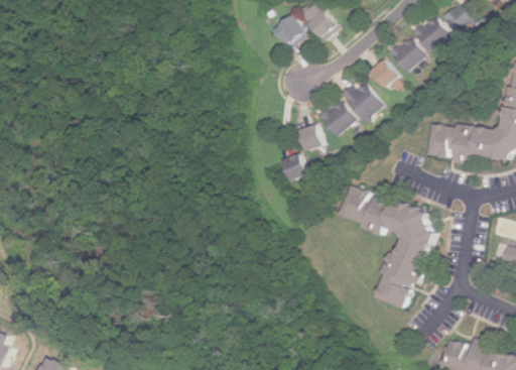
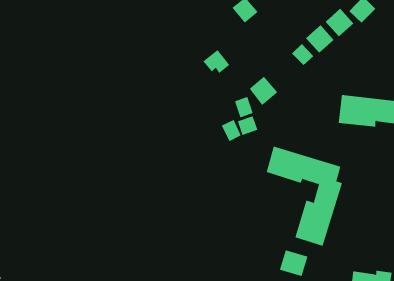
building: [274,15,308,45] -> [202,49,230,74]
building: [342,83,381,120] -> none
building: none -> [237,116,258,136]
building: none -> [279,250,308,277]

